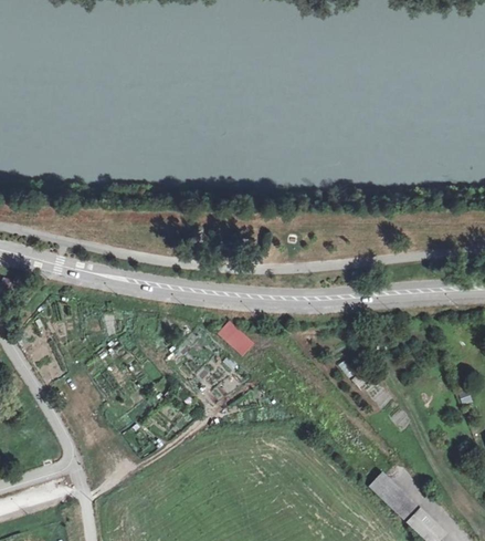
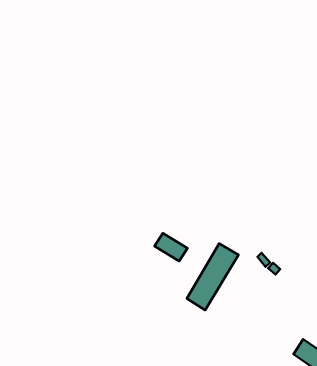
building: none -> [187,243,238,310]

